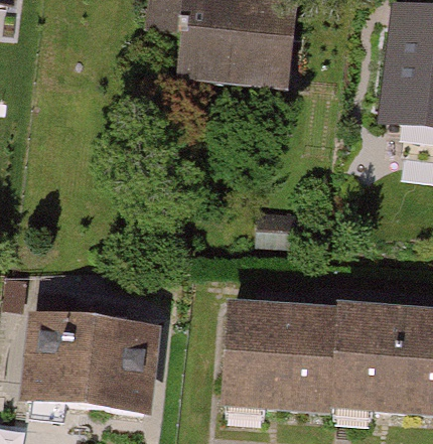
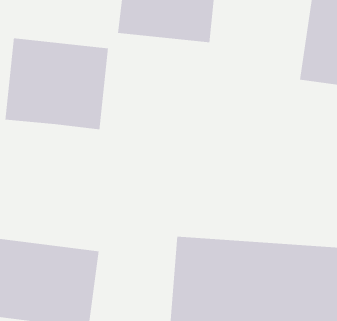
building: none -> [5,38,109,130]

